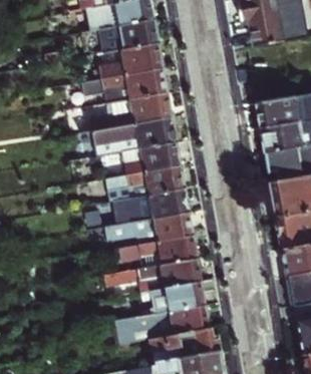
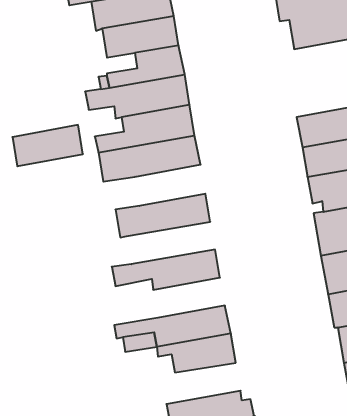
building: [121,142,180,176] -> [12,125,83,166]
building: [114,190,188,225] -> none
building: [116,236,196,269] -> none
building: [115,306,209,345] -> none

